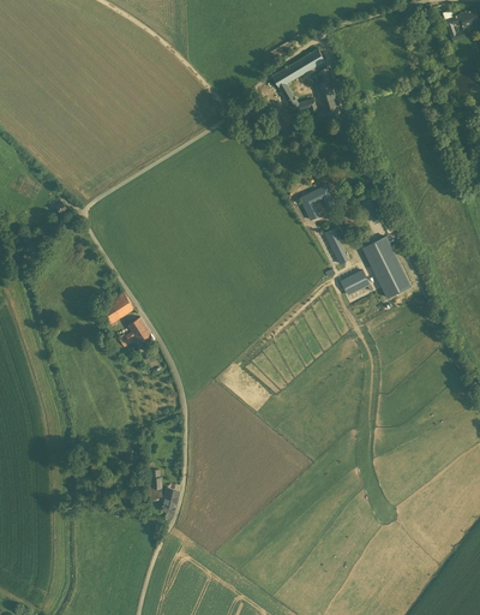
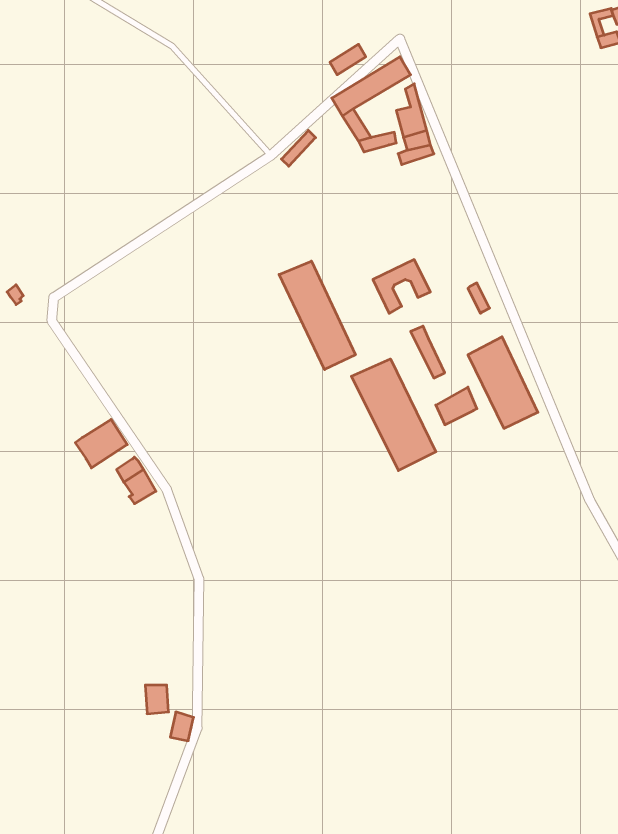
building: none -> [279,261,355,370]
building: none -> [351,359,436,471]

